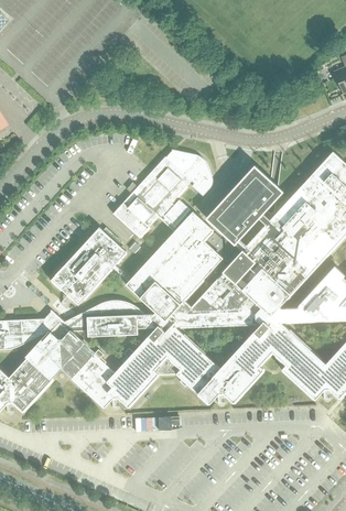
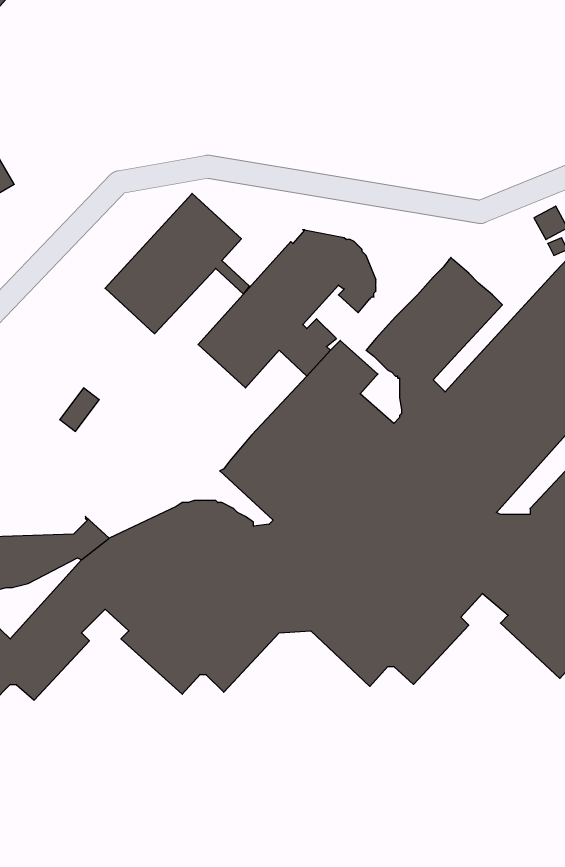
building: [51,226,131,304] -> [105,193,249,334]

